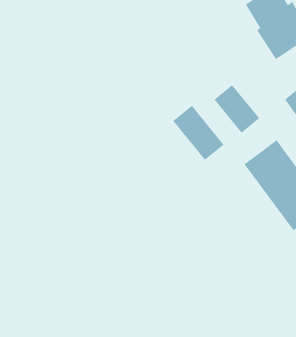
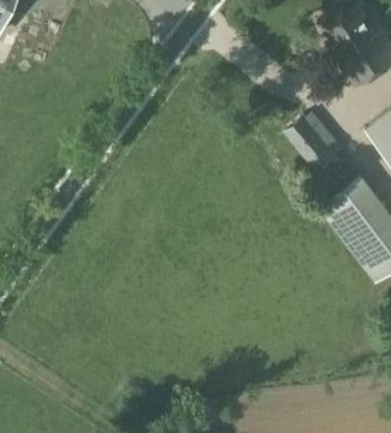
building: [172,105,225,161] -> none

